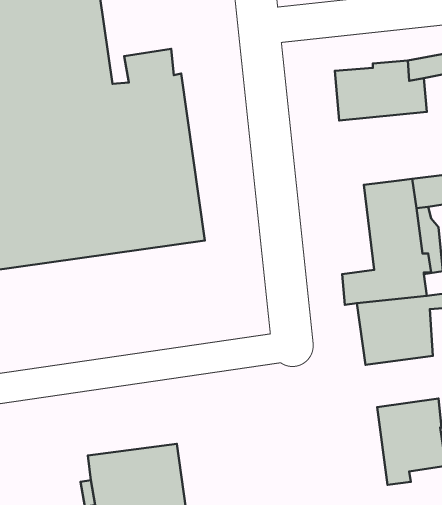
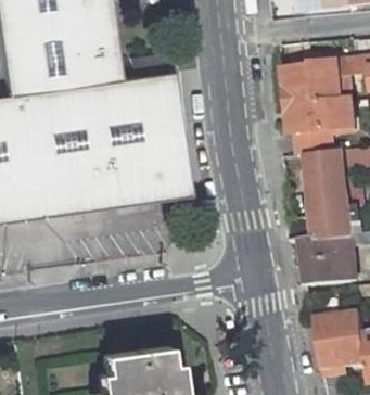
building: none -> [291,100,359,155]

